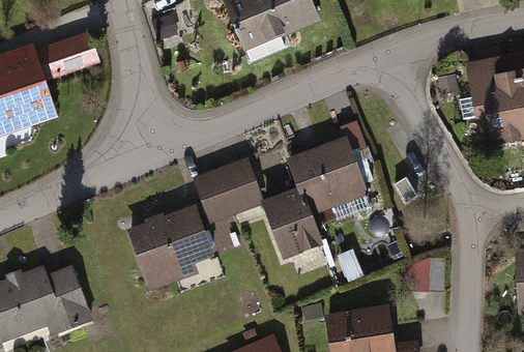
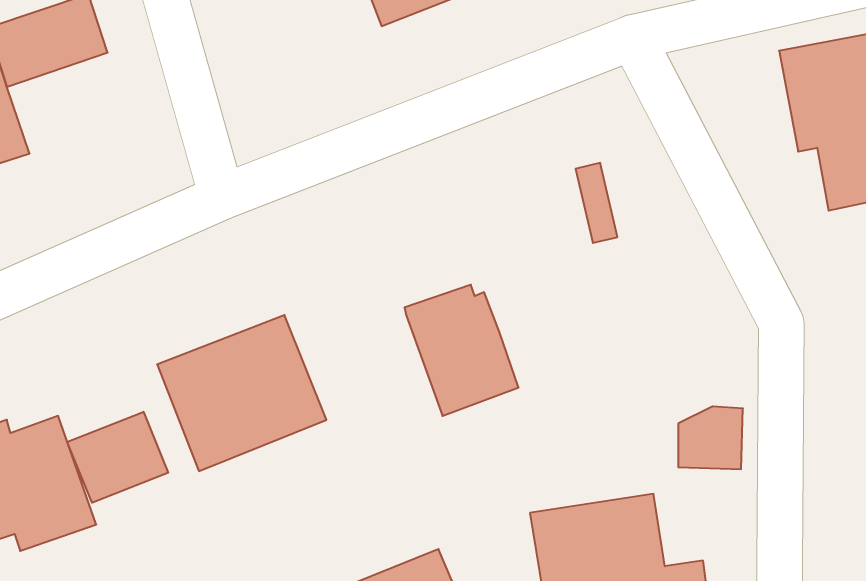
building: [285,138,366,215] -> none
building: [188,157,260,226] -> none
building: none -> [67,412,168,503]

